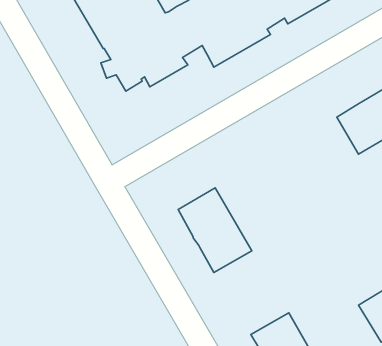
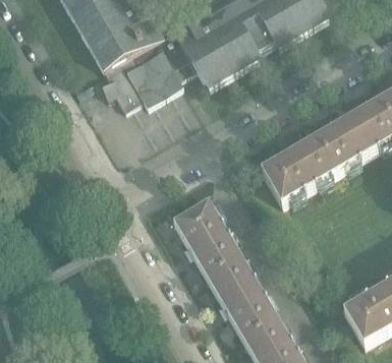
building: none -> [260,130,342,201]
building: none -> [207,255,277,334]

